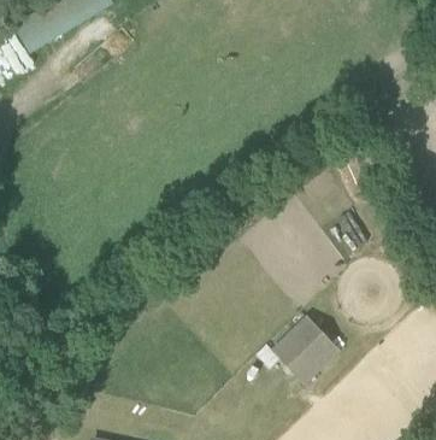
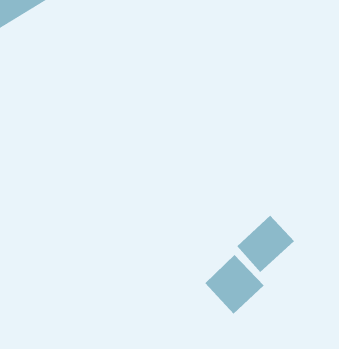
building: none -> [237,215,295,273]

